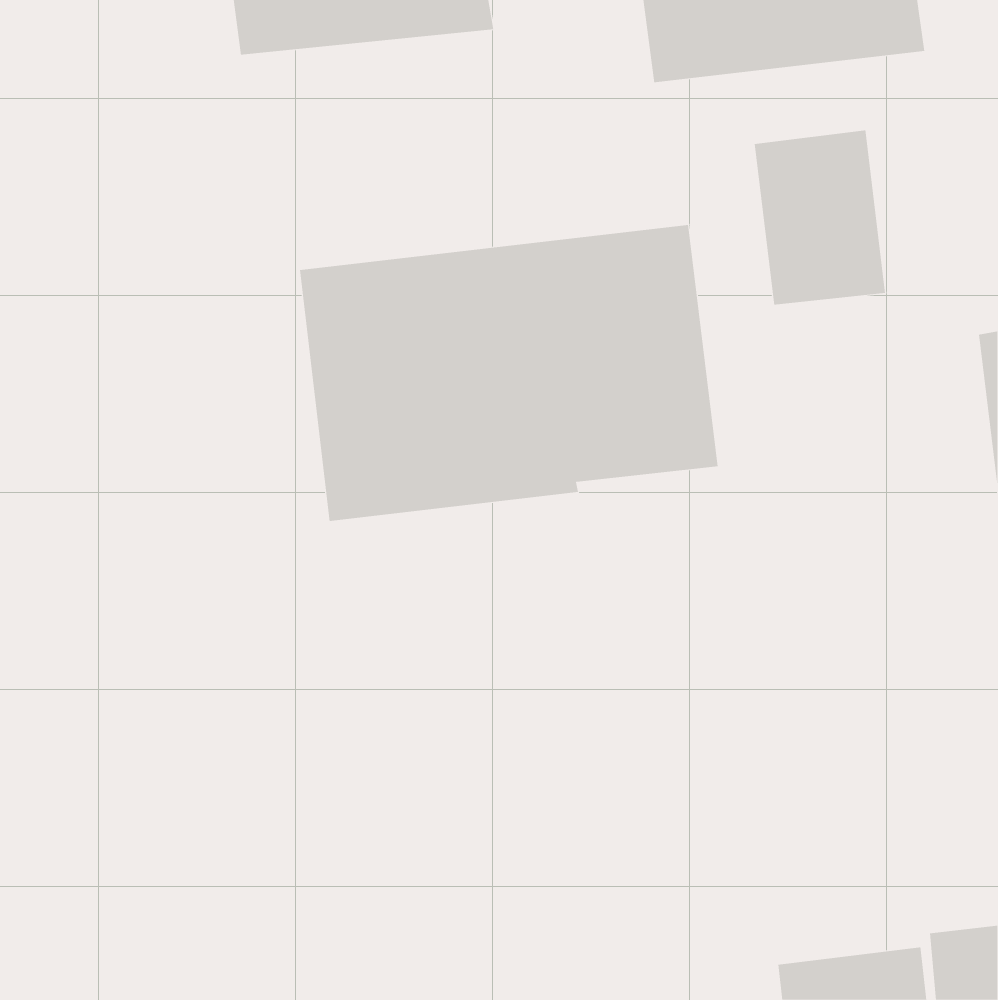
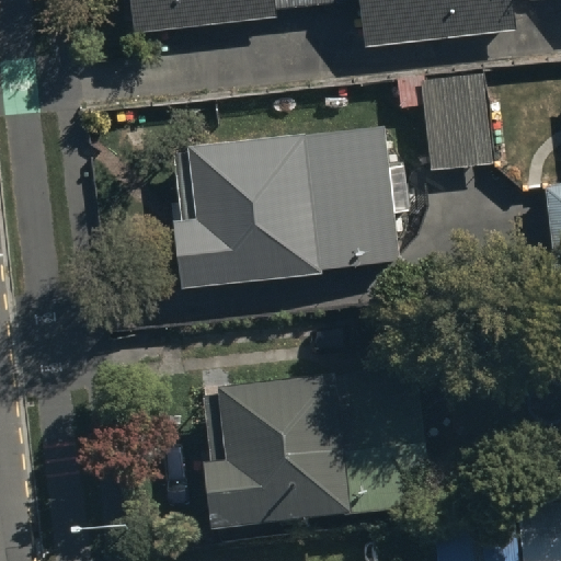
building: none -> [205,385,352,541]

